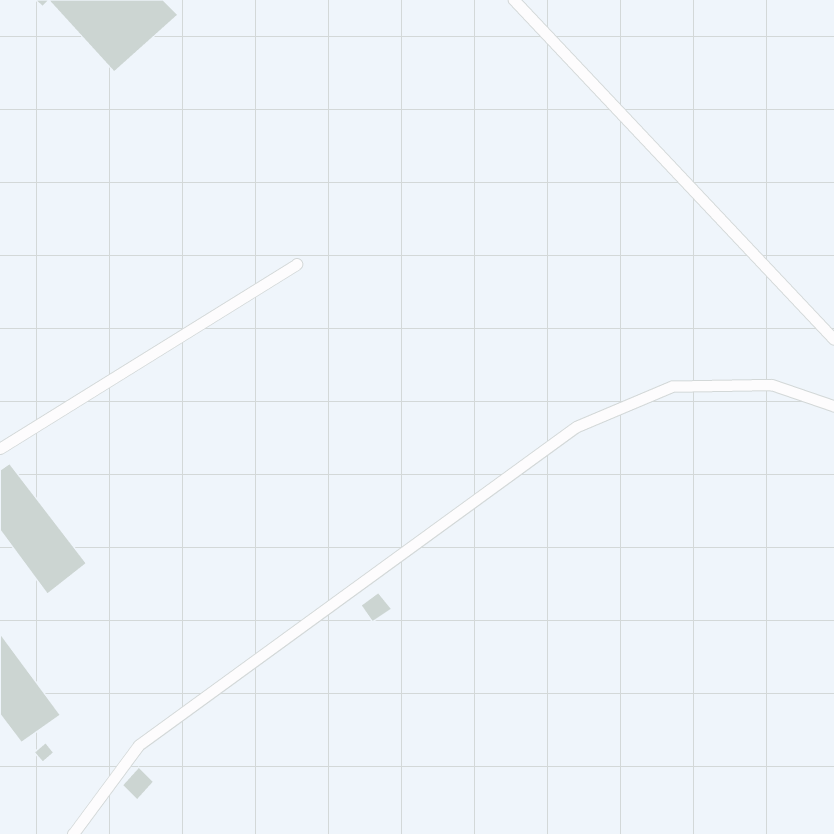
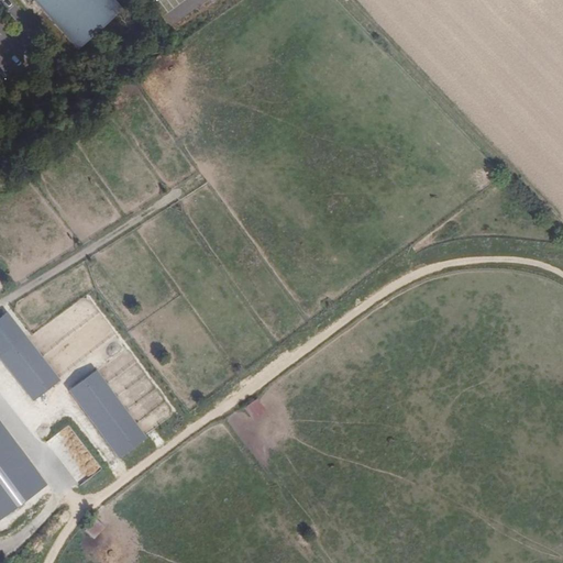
building: none -> [67,369,145,460]

